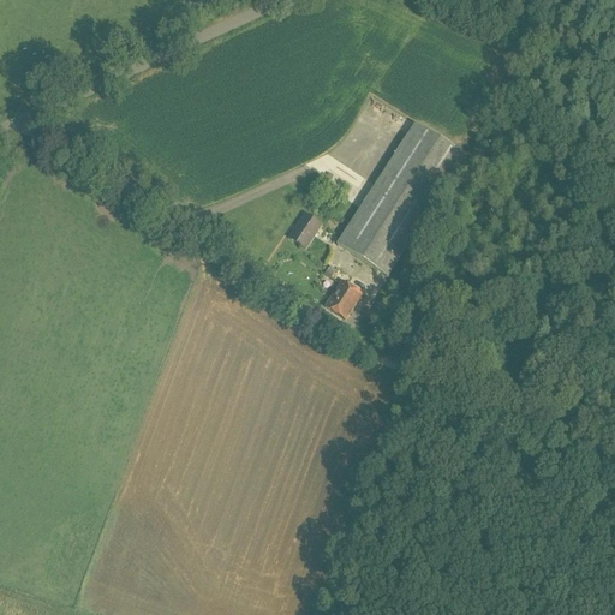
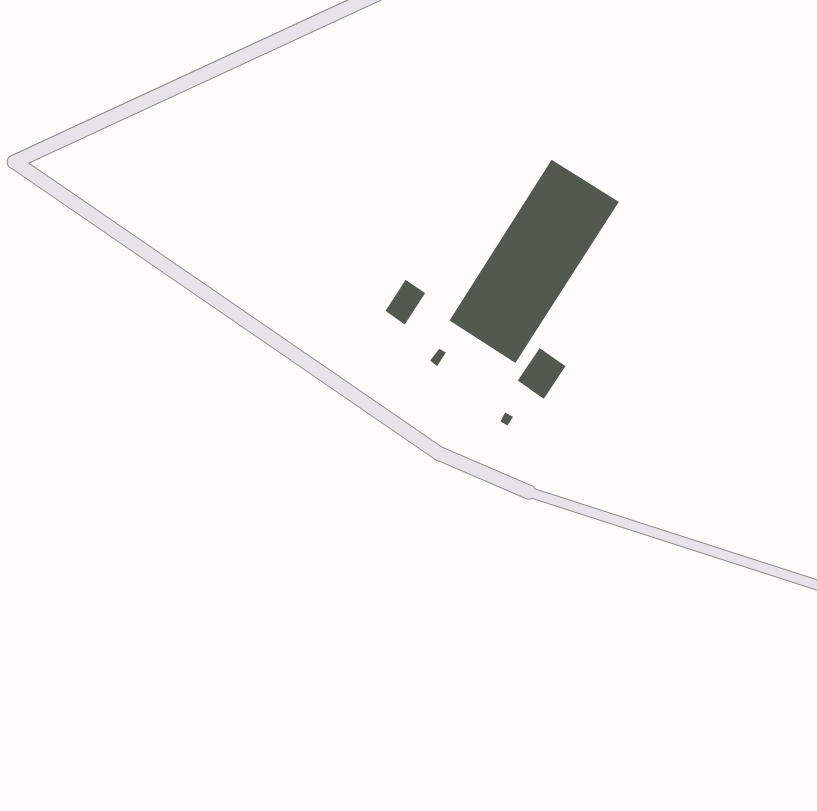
building: [323,276,360,316] -> [517,347,567,400]

